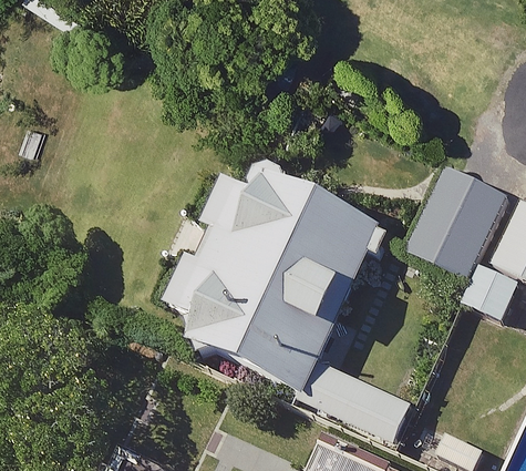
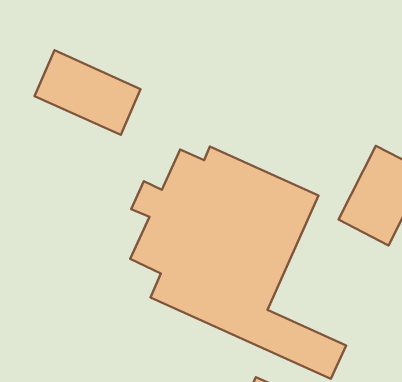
building: none -> [35,50,141,135]

